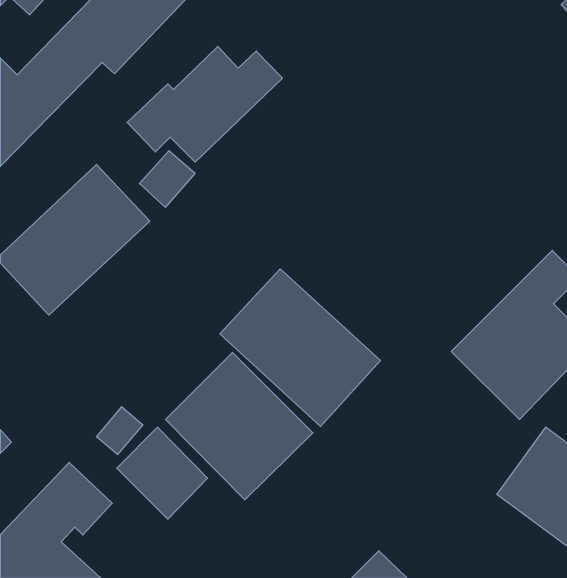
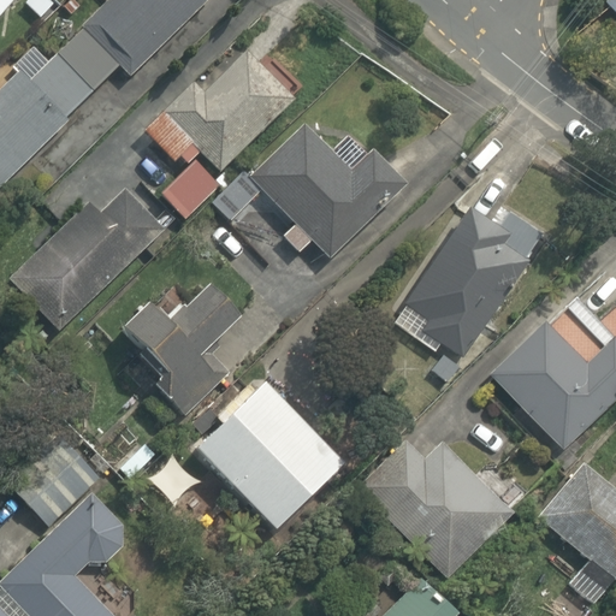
building: none -> [215,117,402,262]
building: none -> [402,208,546,357]
building: none -> [119,283,237,411]
building: [220,269,380,427] -> none
building: none -> [359,440,514,580]

